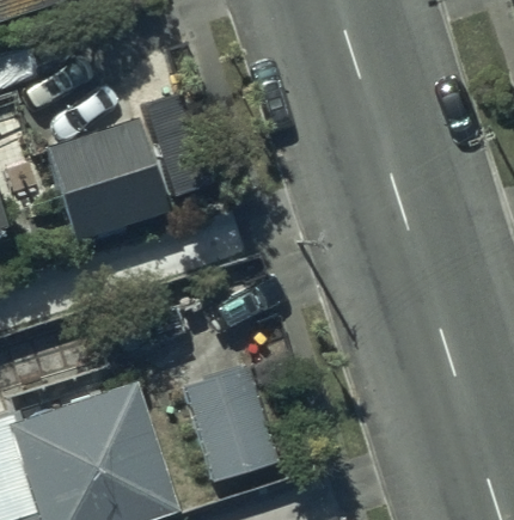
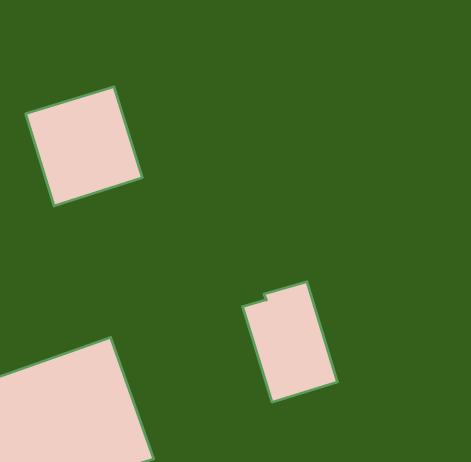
building: [182,359,282,485] -> [242,282,338,402]

